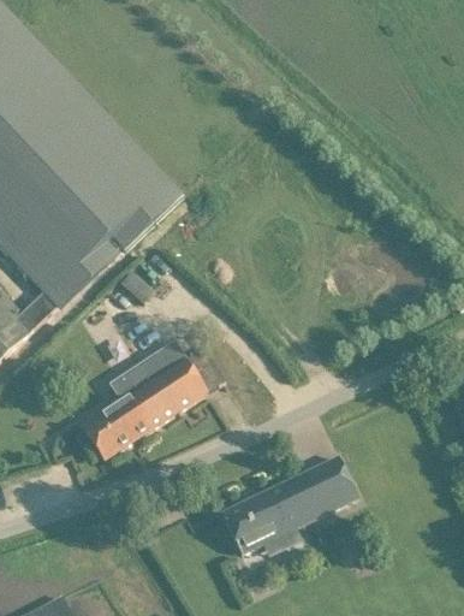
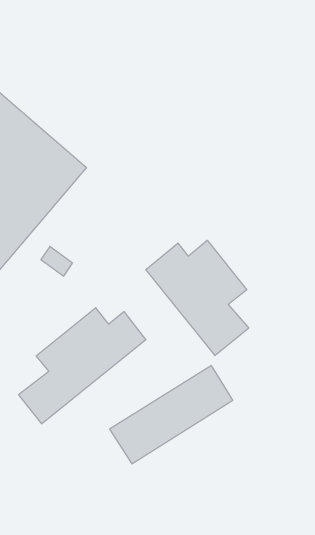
building: none -> [146,240,249,356]
building: [219,456,355,553] -> [110,366,233,464]

